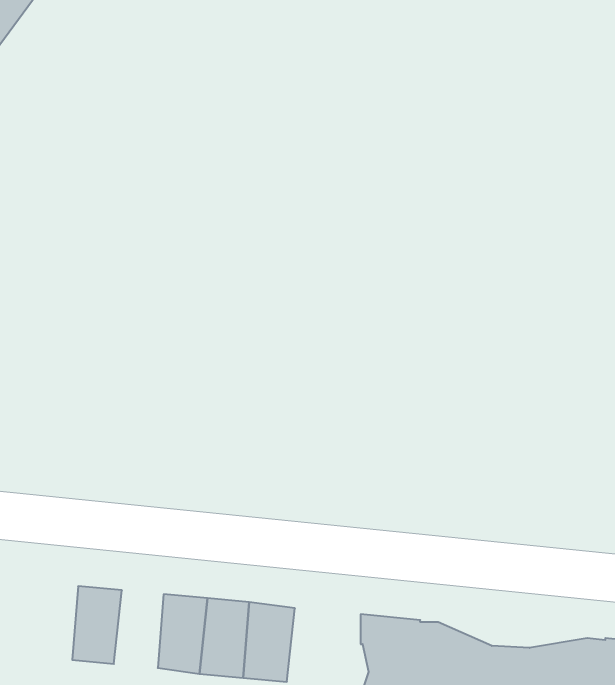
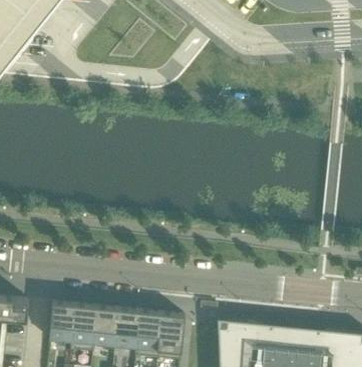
building: none -> [48,301,74,341]
building: none -> [92,306,117,345]

